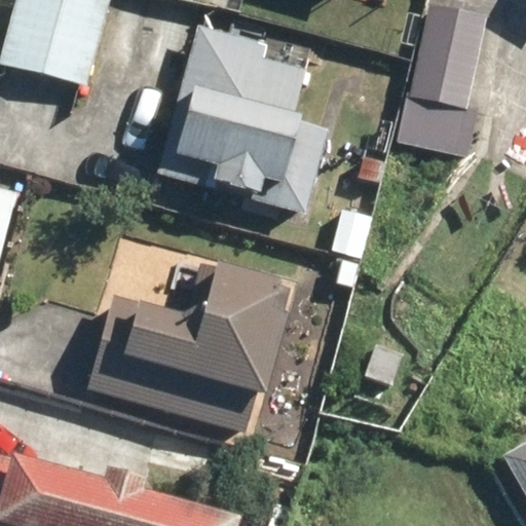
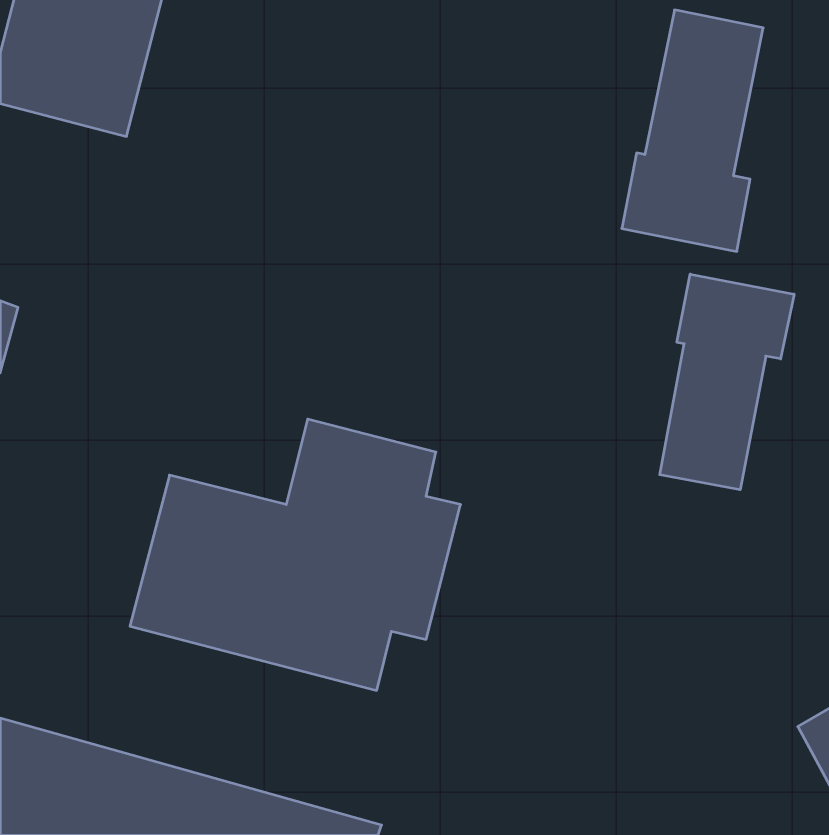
building: [158,26,330,215] -> none
building: none -> [660,274,794,490]

